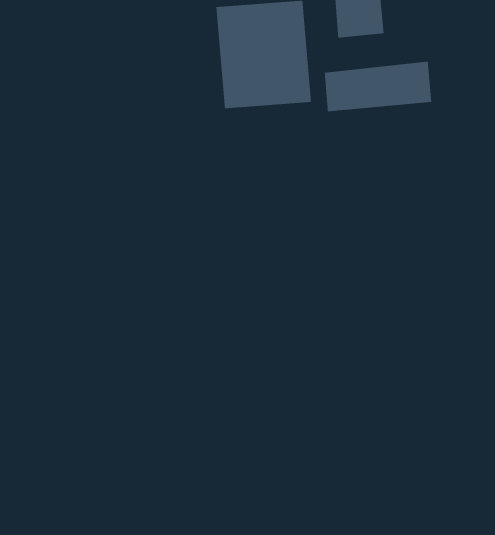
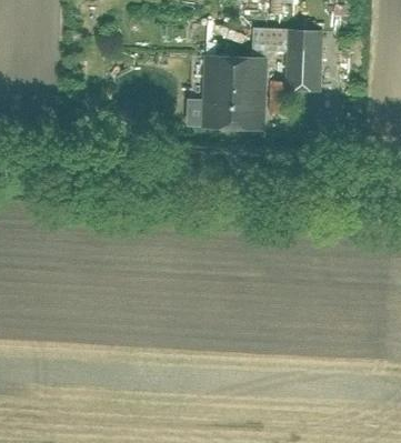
building: [324,61,432,112] -> none

